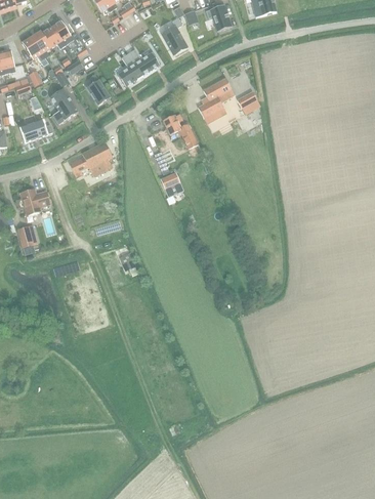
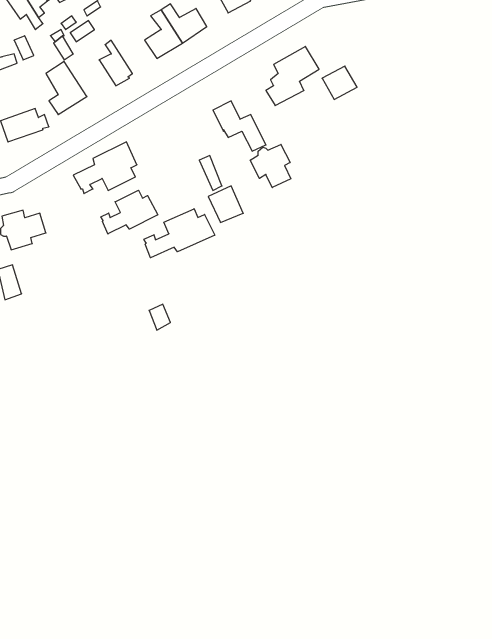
building: none -> [250,144,291,188]
building: none -> [101,190,158,234]
building: none -> [144,209,215,258]

